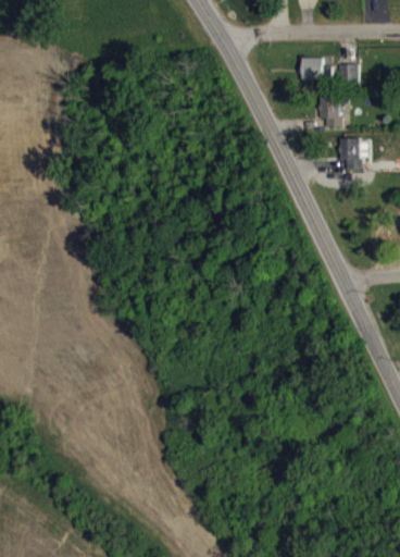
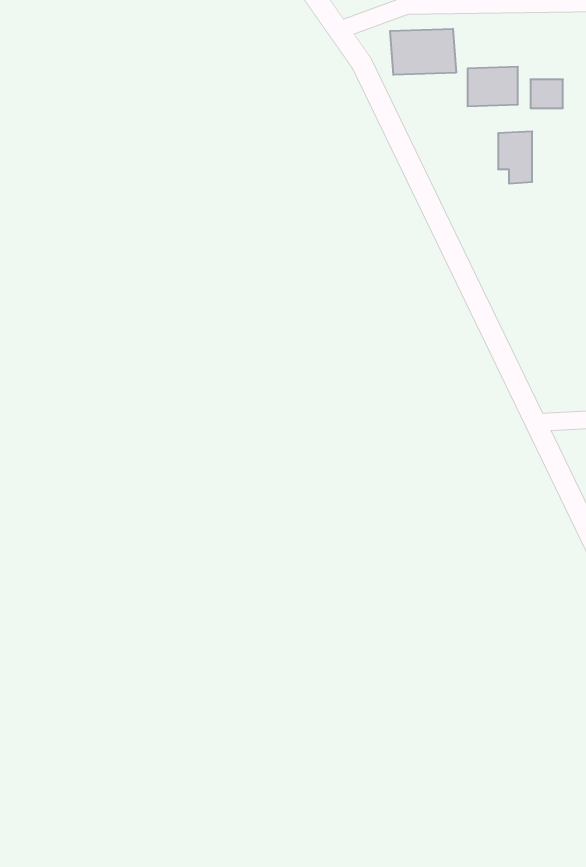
building: none -> [390,29,456,75]
building: [339,138,365,170] -> none

